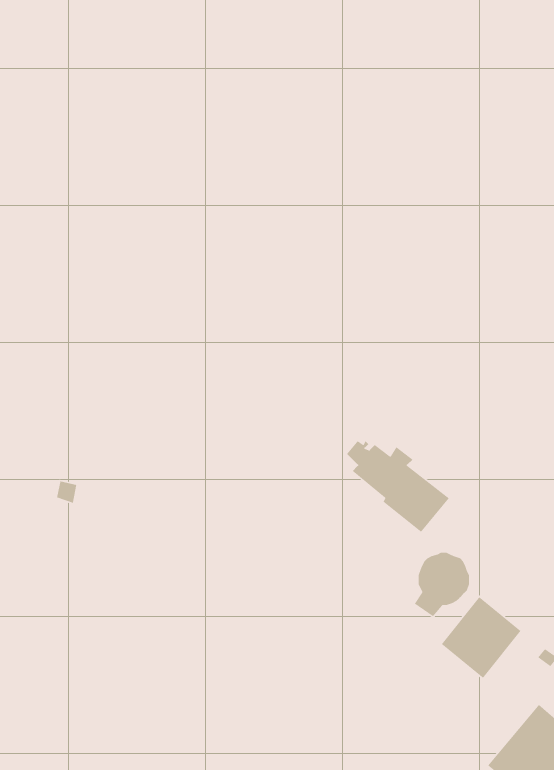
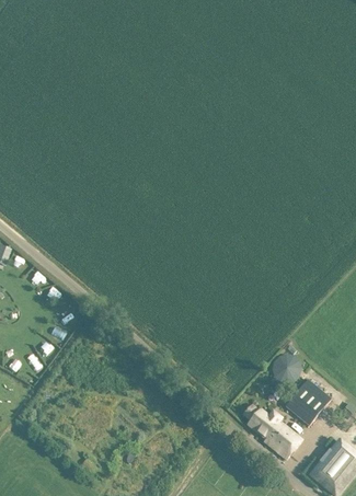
building: [346,440,450,533] -> [243,406,302,459]

